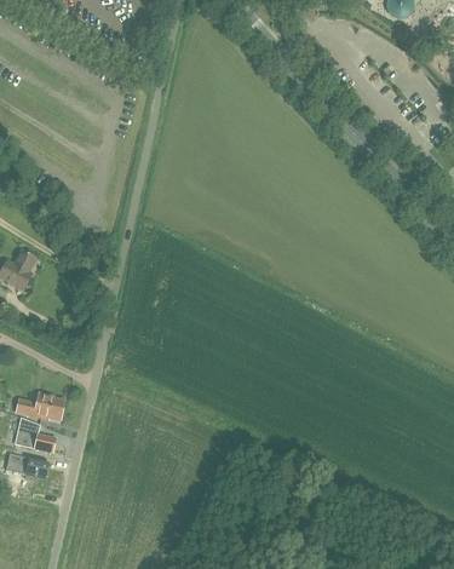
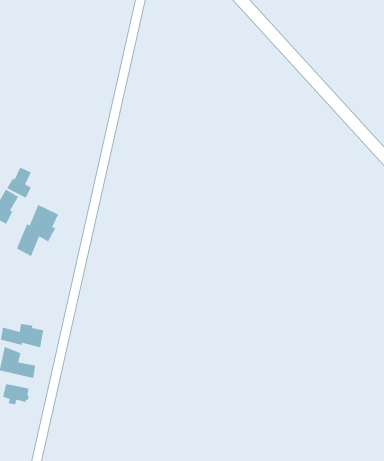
building: none -> [6,167,32,199]
building: none -> [16,204,59,257]

